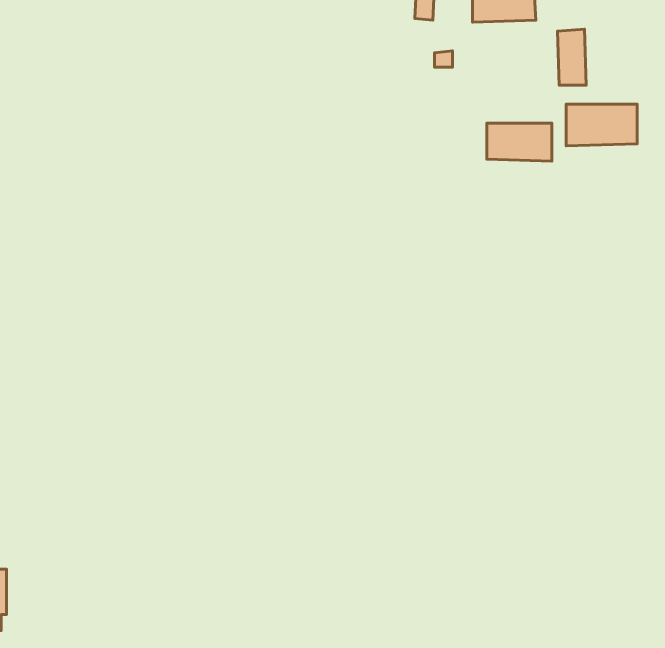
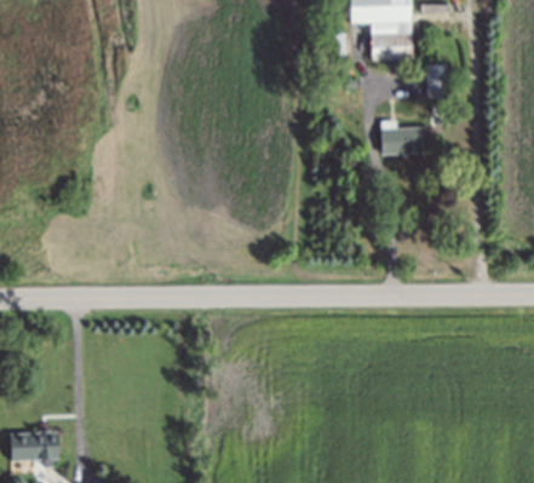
building: [566,104,637,146] -> none

